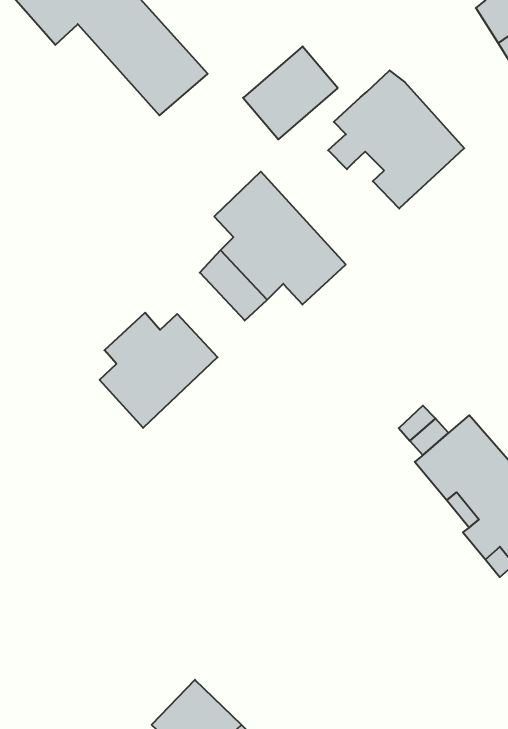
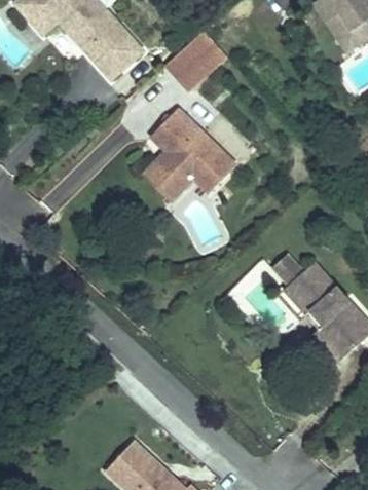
building: [328,70,464,209] -> none
building: [100,313,218,428] -> none

